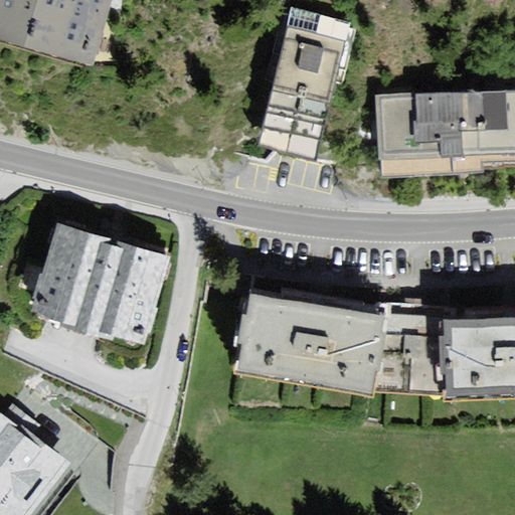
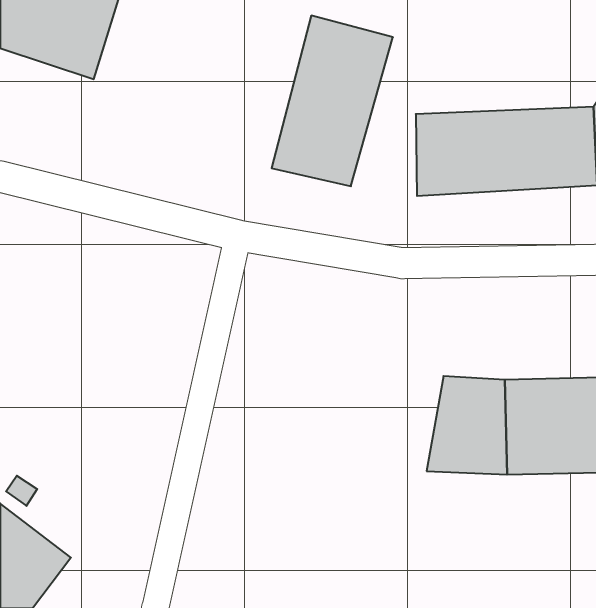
building: [31,219,182,348] -> none
building: [230,292,386,394] -> none

